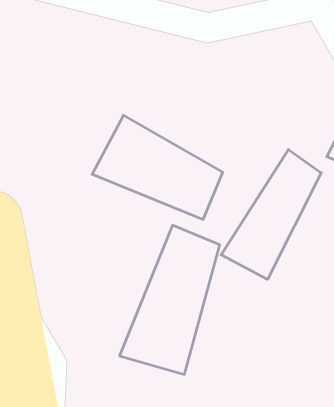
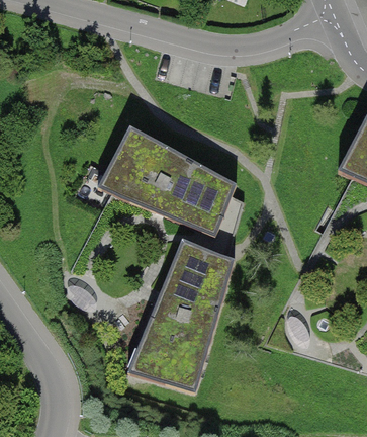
building: [221,149,321,279] -> none

